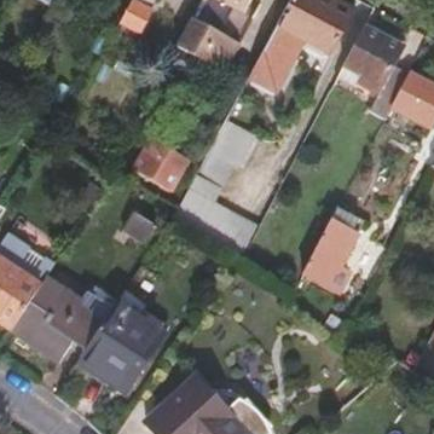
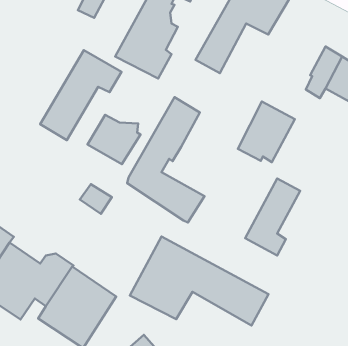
building: [338,27,401,93] -> [238,102,295,162]
building: none -> [40,50,122,140]
building: none -> [130,237,269,325]

